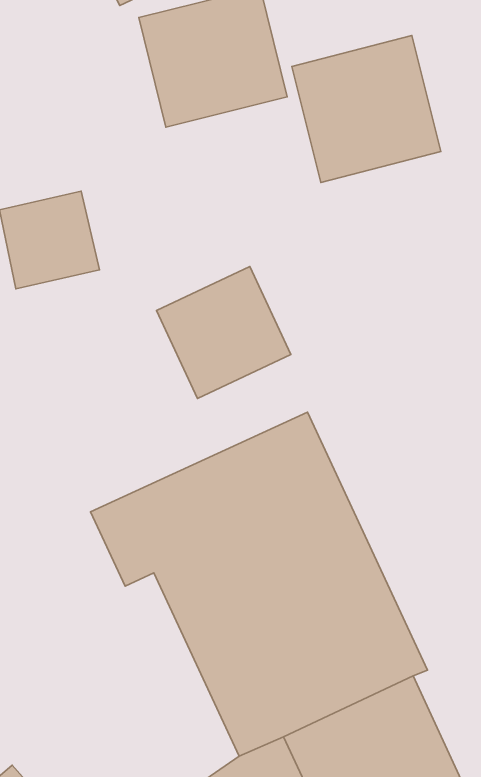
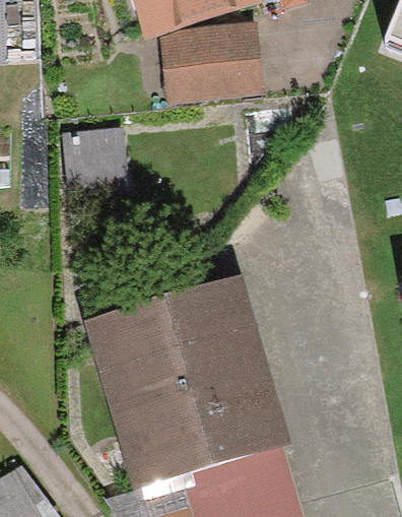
building: [292,36,441,183] -> none
building: [156,266,291,399] -> none

